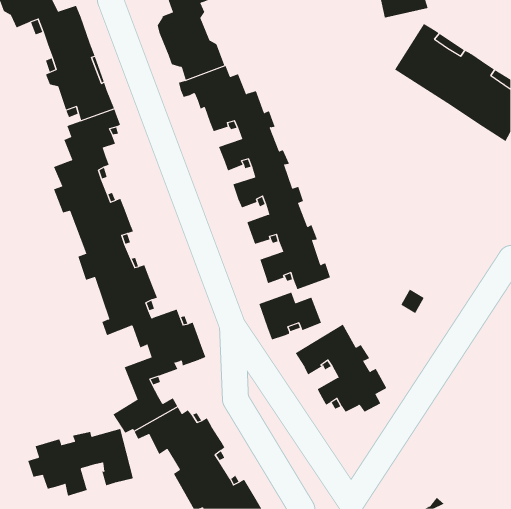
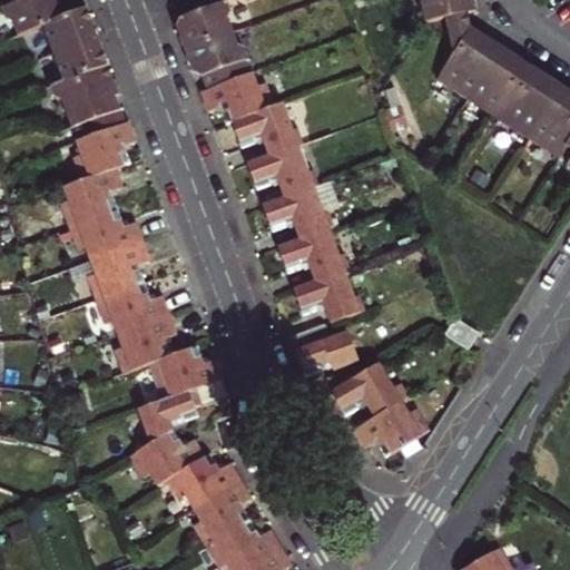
building: [27,428,134,496] -> none

